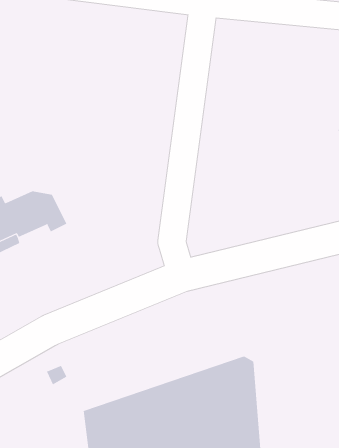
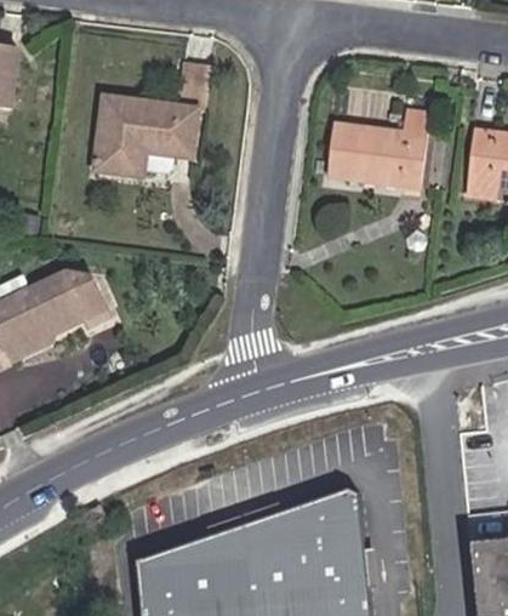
building: none -> [95,65,209,177]
building: none -> [327,113,430,188]

